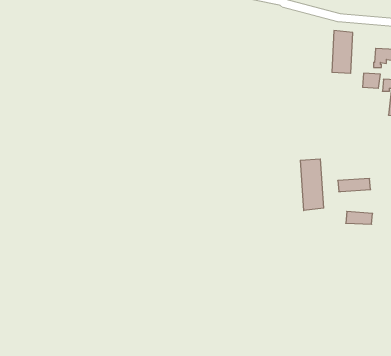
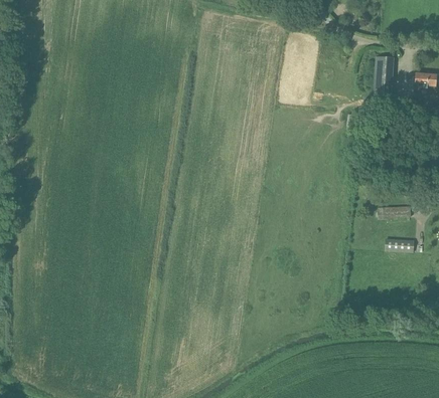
building: [300,159,324,211] -> none

